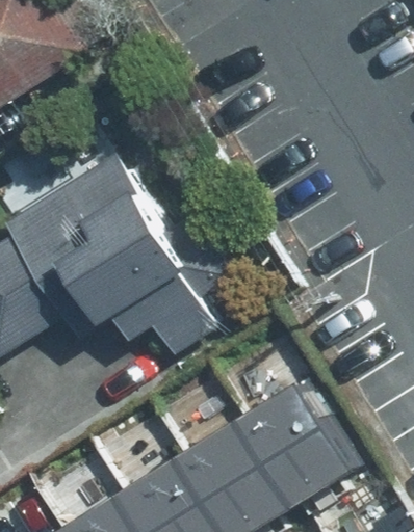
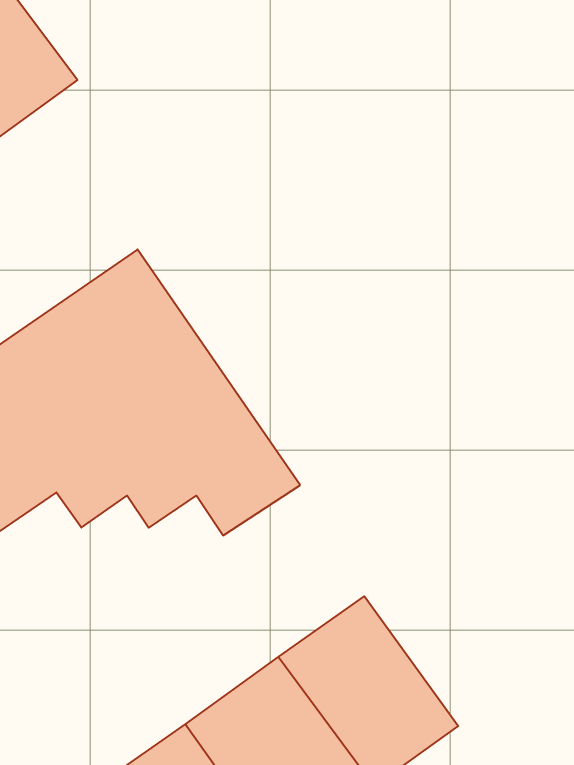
building: [247,366,367,495] -> none

